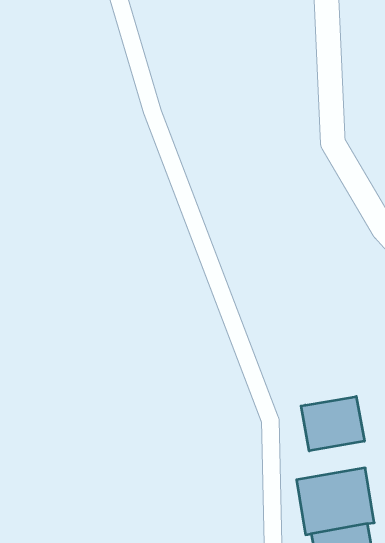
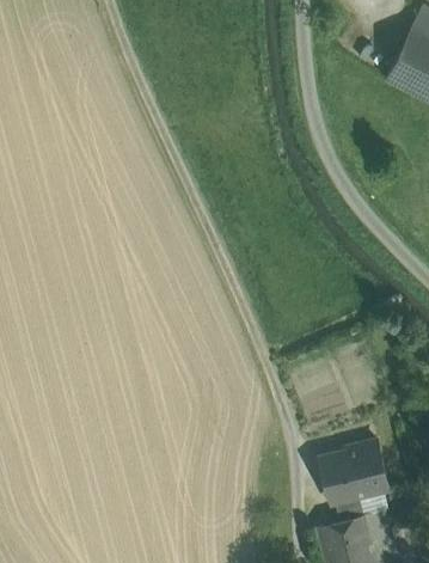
building: [301,396,364,451] -> none

